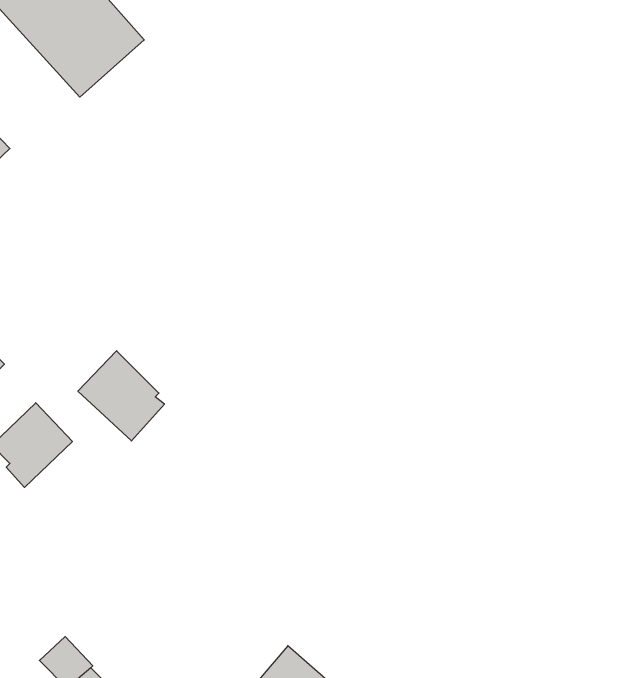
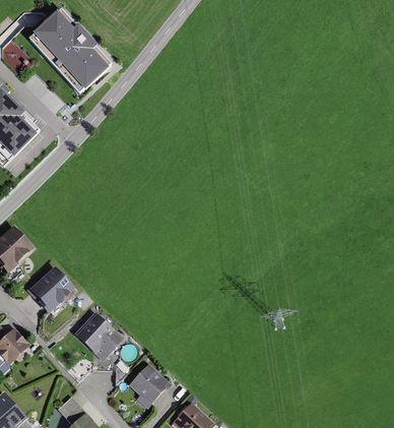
building: [78,351,164,441] -> [75,310,123,360]
building: none -> [131,363,171,408]

